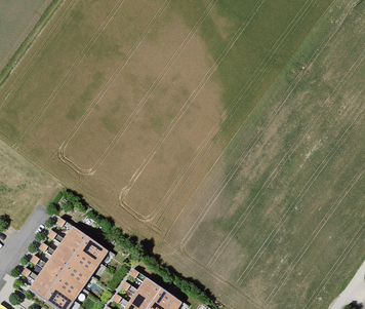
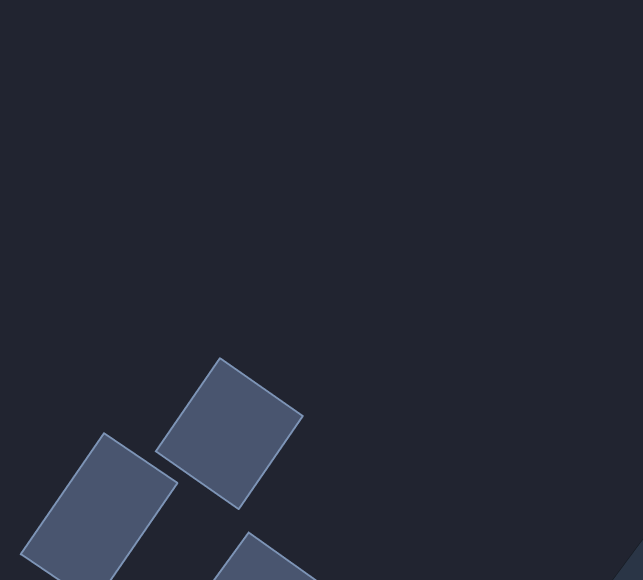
building: none -> [156,358,303,509]

